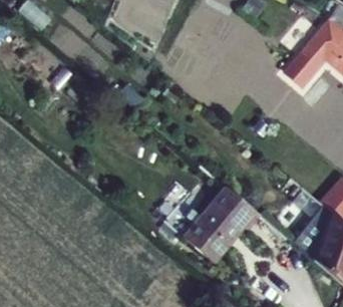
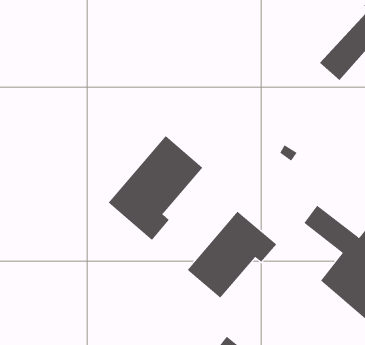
building: none -> [108,135,203,241]

